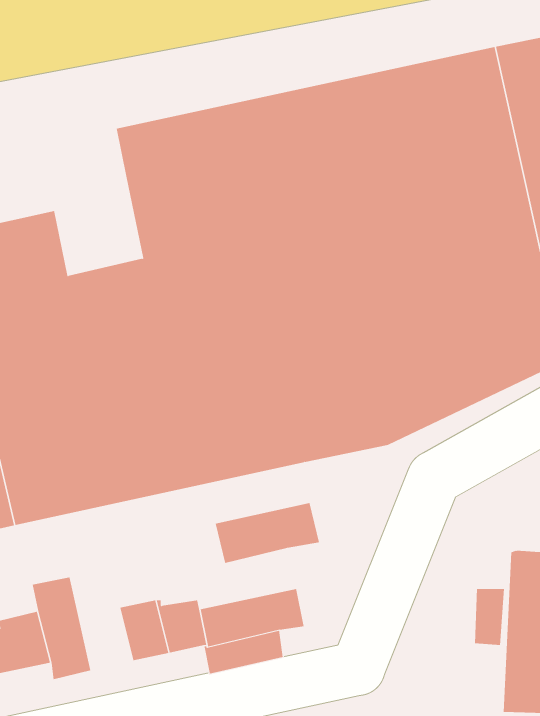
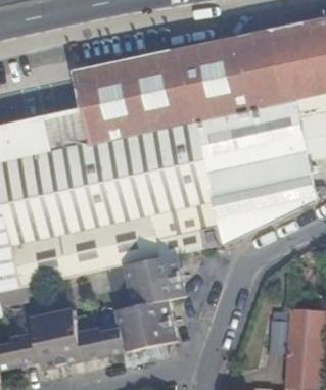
building: none -> [44,98,91,151]
building: none -> [126,251,181,284]
building: none -> [118,297,174,330]
building: none -> [52,307,86,362]

